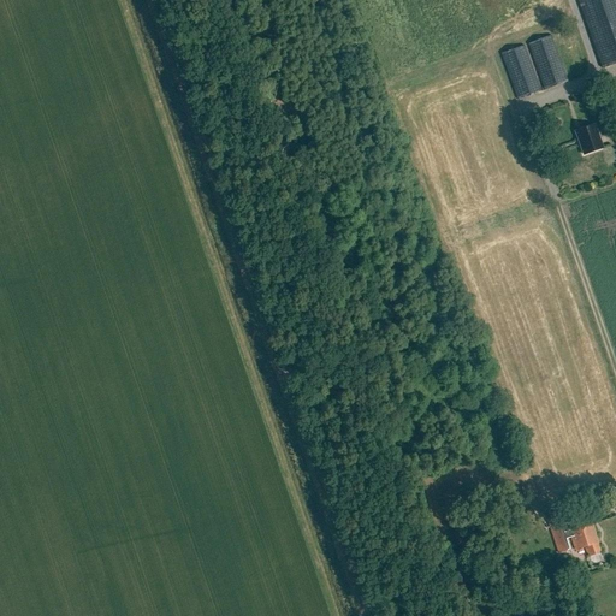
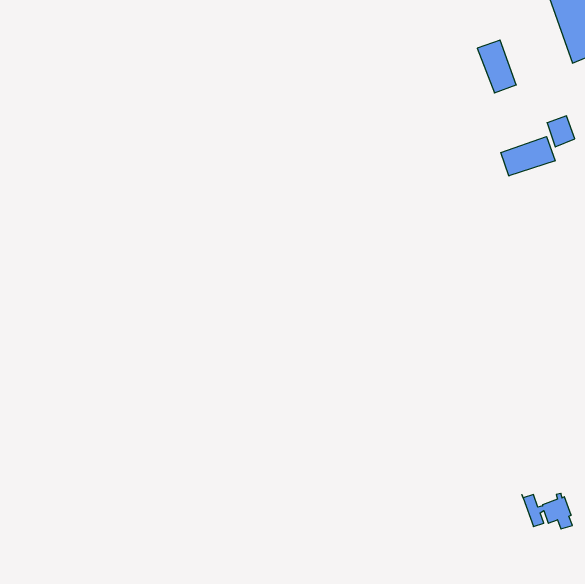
building: [528,34,568,88] -> none
building: none -> [501,137,555,176]

